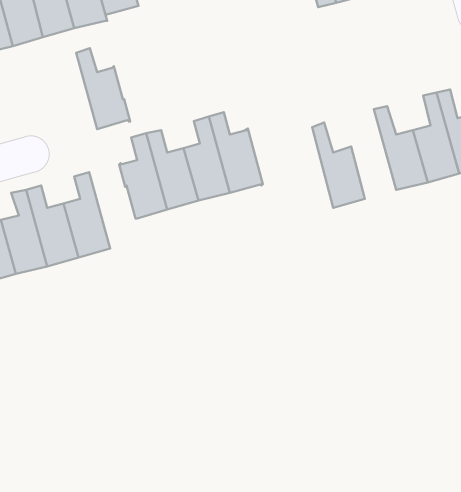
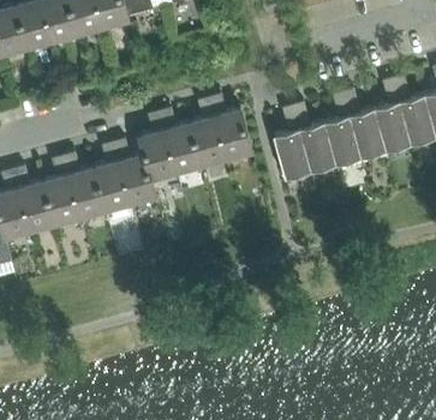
building: [76,48,130,129] -> [113,140,156,205]
building: none -> [323,94,359,166]
building: none -> [273,108,309,180]

